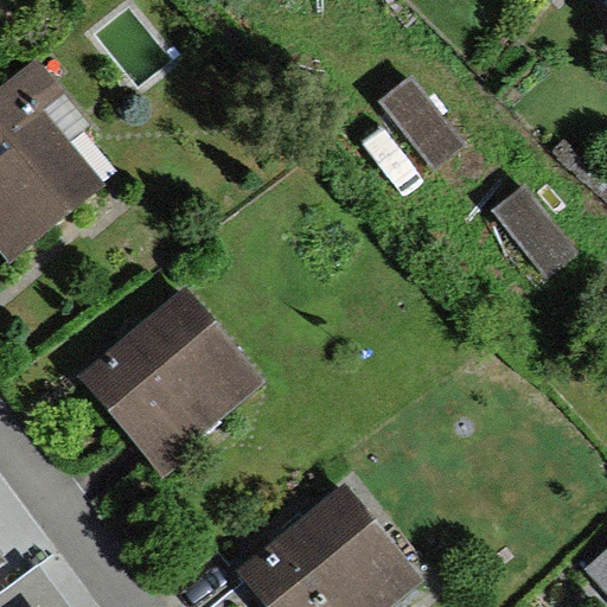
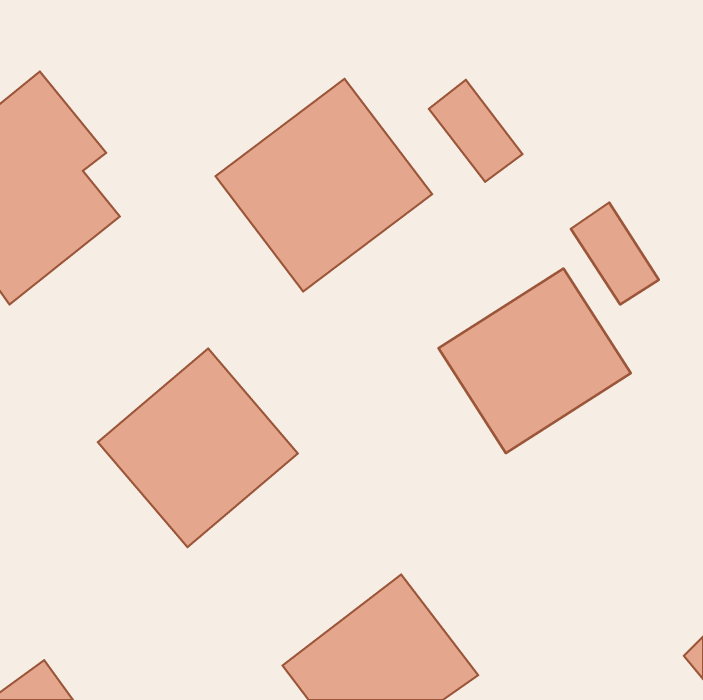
building: none -> [216,79,432,291]
building: none -> [438,268,631,453]

